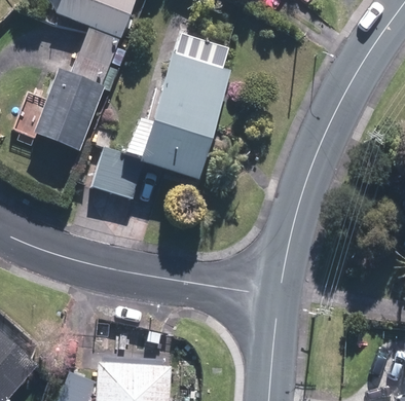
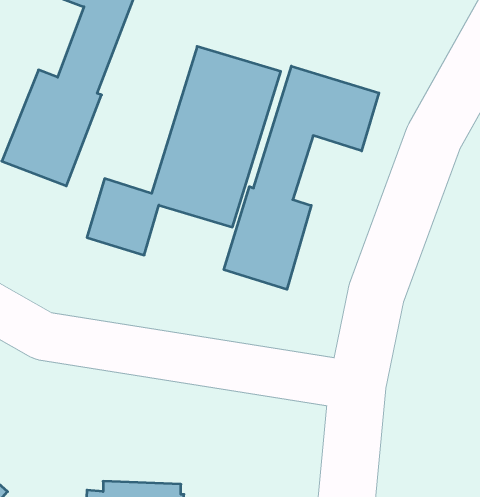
building: none -> [224,66,379,289]

